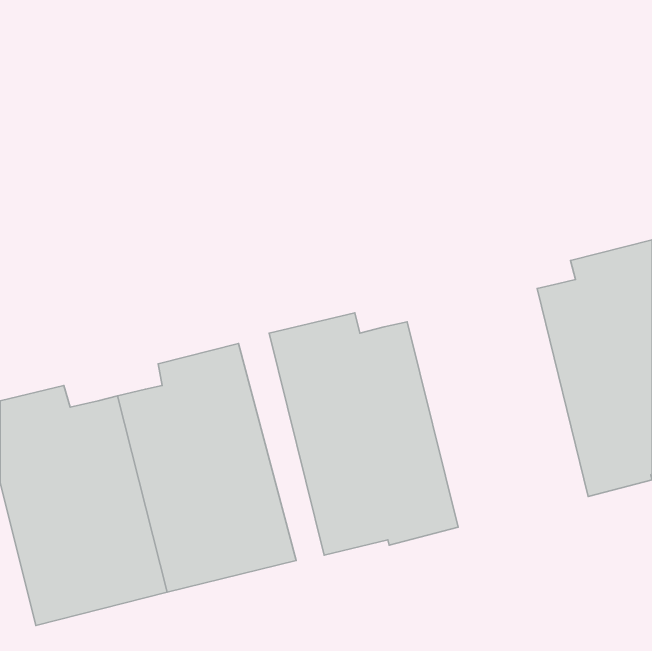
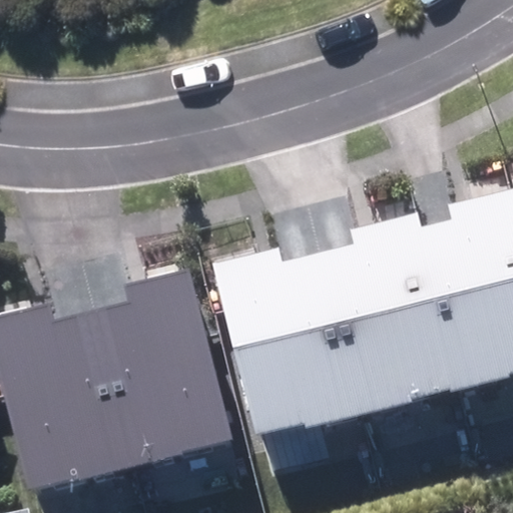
building: none -> [320,212,462,415]

